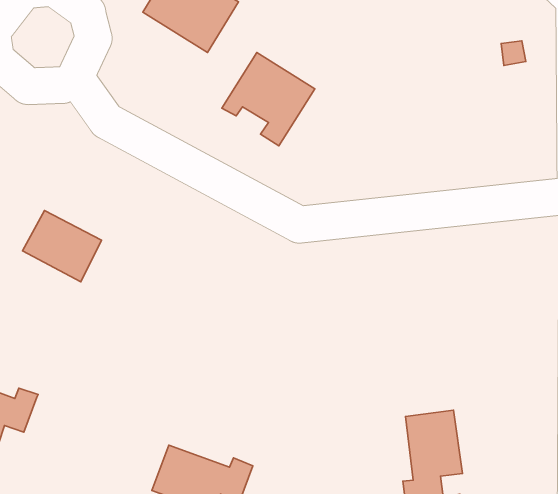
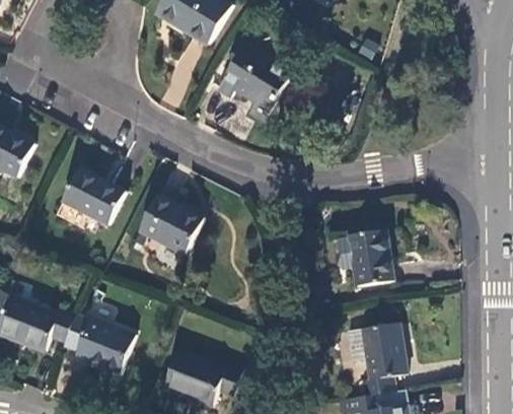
building: none -> [138,195,202,254]
building: none -> [334,229,392,287]
building: none -> [60,315,133,375]

